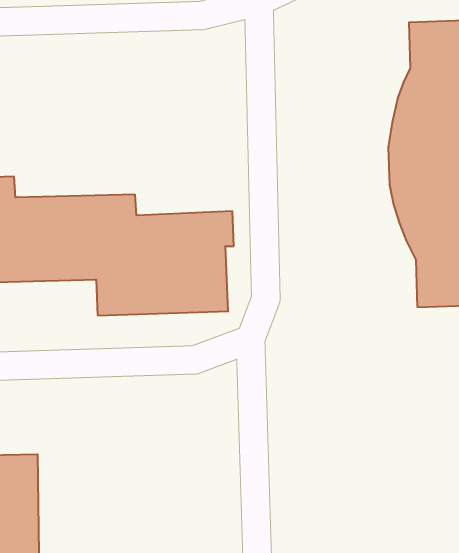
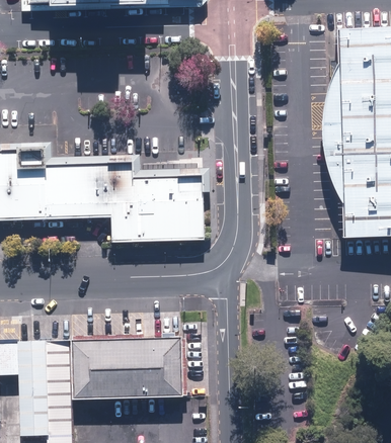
building: none -> [70,342,183,404]

